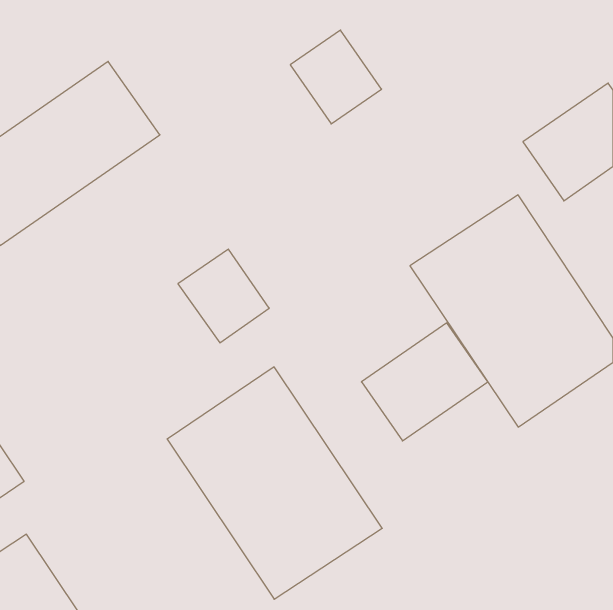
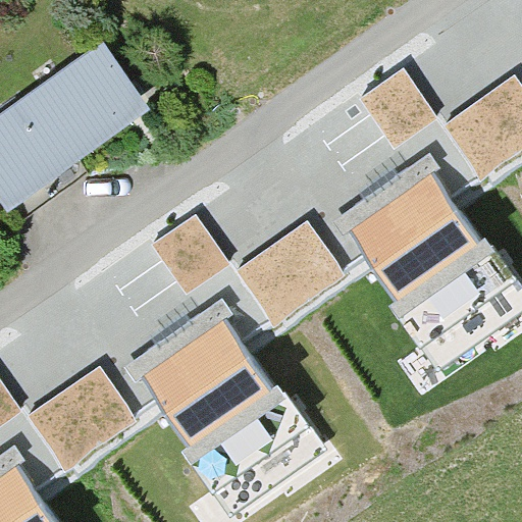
building: [290,30,382,124] -> [360,67,437,147]
building: [361,323,488,441] -> [234,222,342,322]
building: none -> [27,366,135,466]

